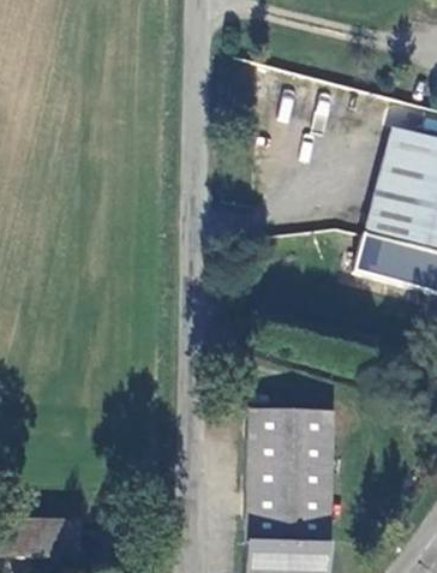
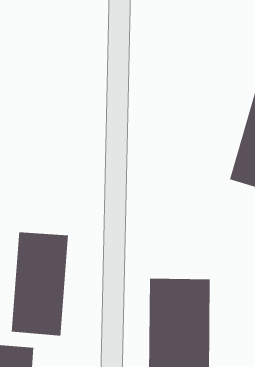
building: none -> [11,231,68,336]

